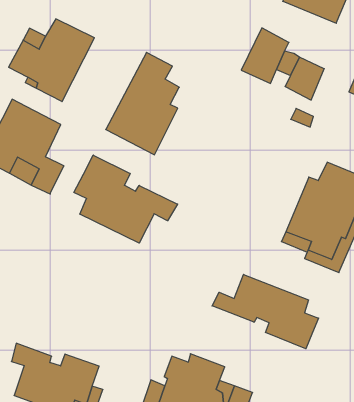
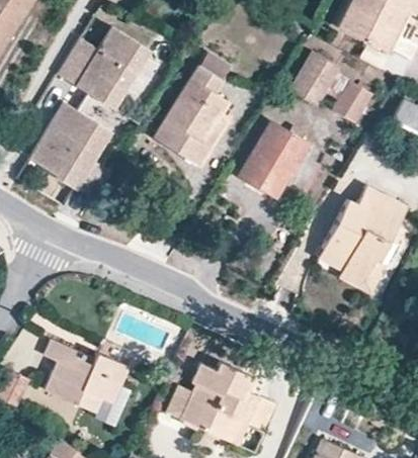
building: none -> [240,122,308,196]
building: [74,155,178,243] -> none
building: [212,274,319,349] -> none

